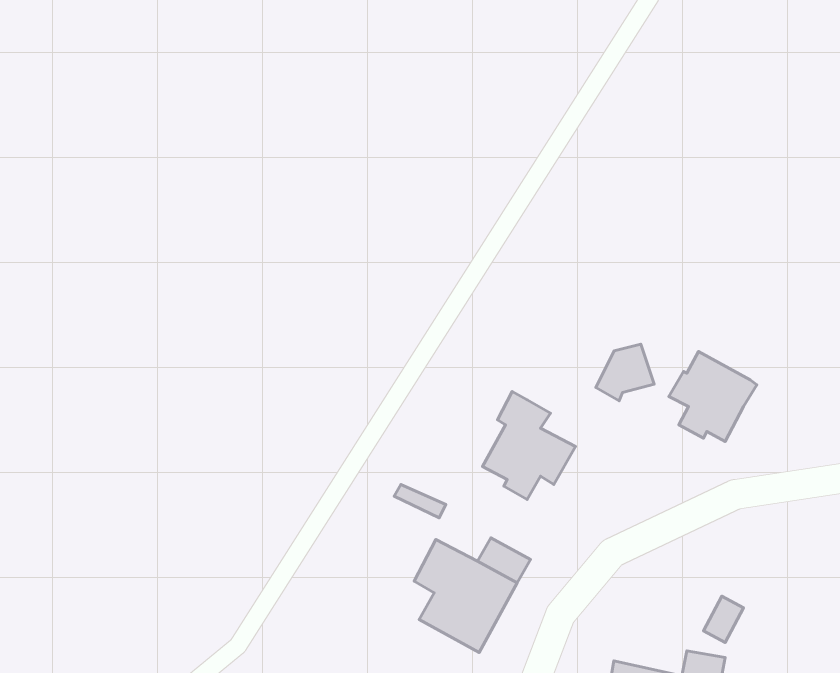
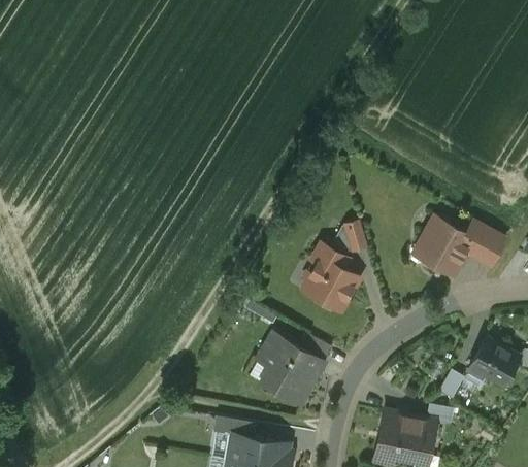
building: [596,344,654,401] -> [329,222,365,257]
building: none -> [463,223,504,267]
building: none -> [467,338,518,386]

